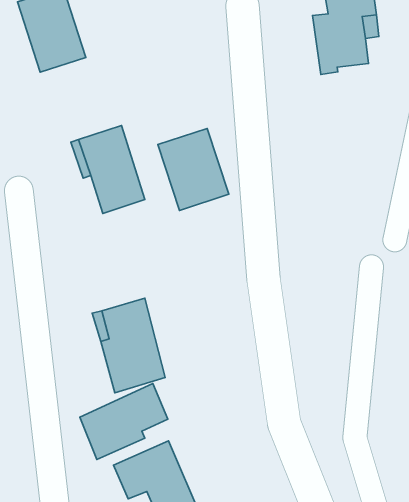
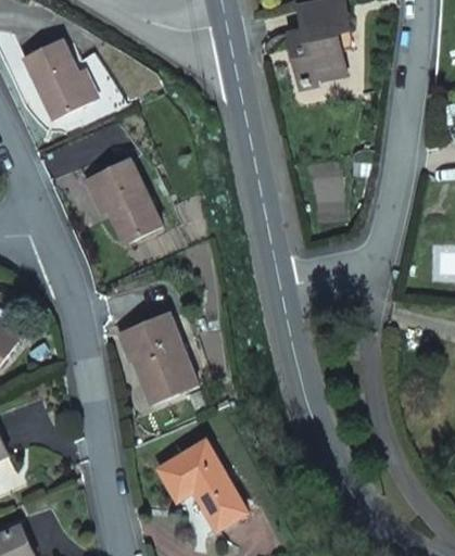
building: [158,128,229,210] -> none
building: [80,384,168,459] -> none

